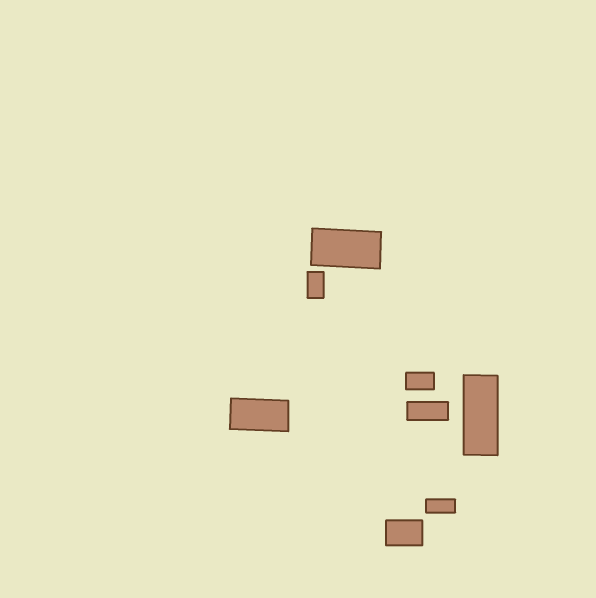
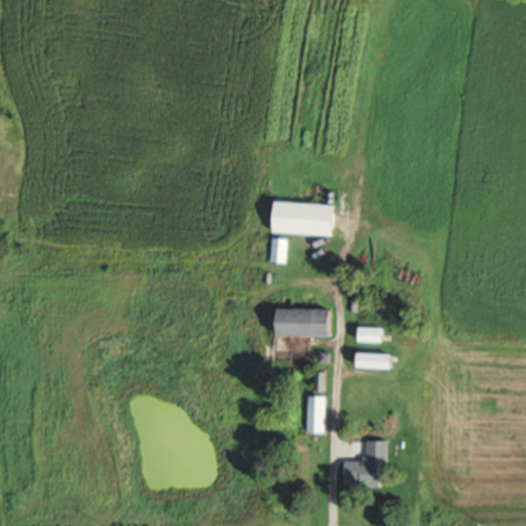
building: [464,375,497,455] -> none
building: [230,398,288,431] -> [279,308,331,337]
building: none -> [303,396,321,434]

